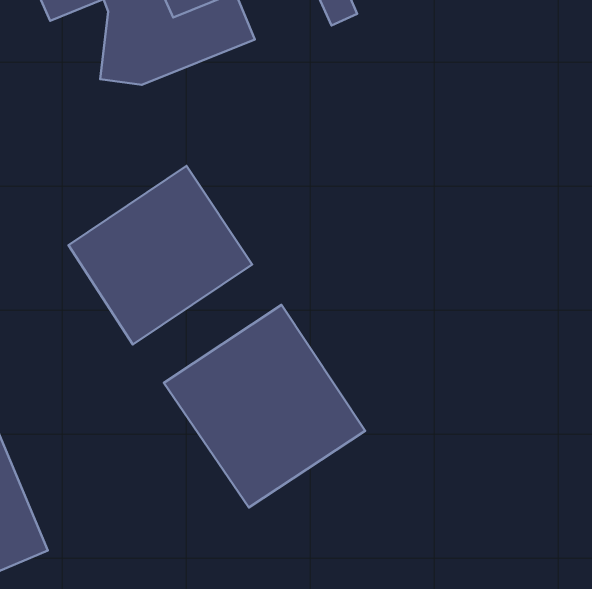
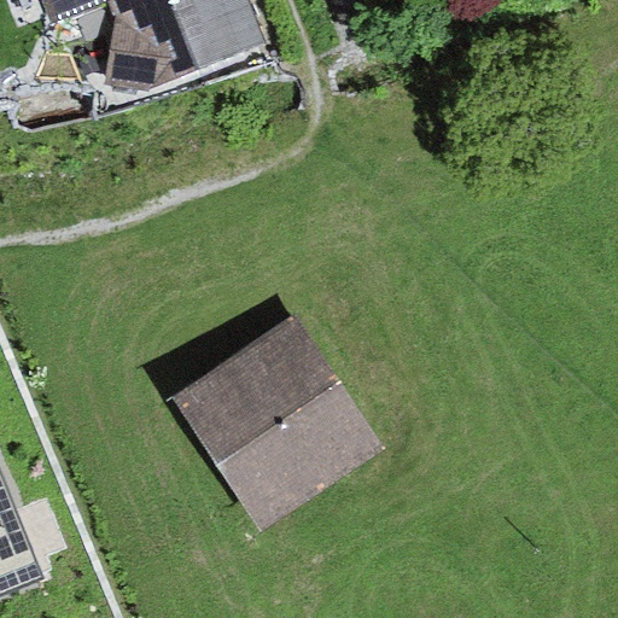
building: [68,166,252,345] -> none

